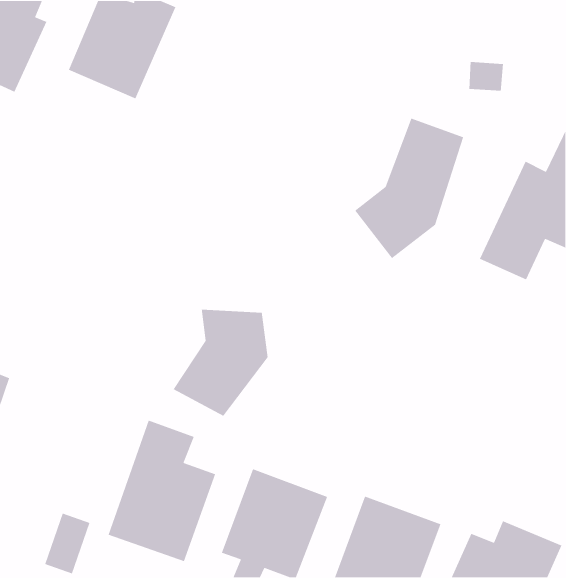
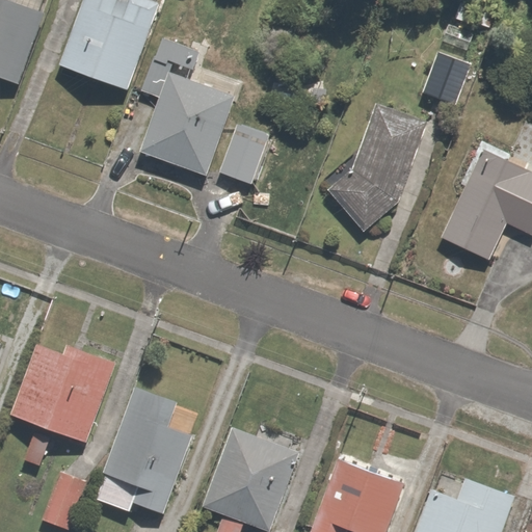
building: none -> [138,39,266,185]
building: [172,309,268,417] -> none
building: none -> [8,337,115,444]

